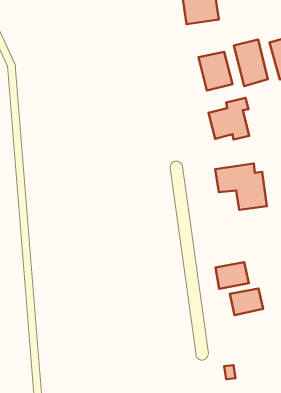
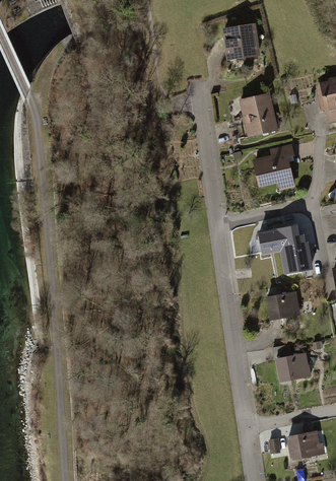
building: [234,39,268,86] -> none
building: [215,262,249,289] -> [265,291,301,321]
building: none -> [285,430,325,460]

